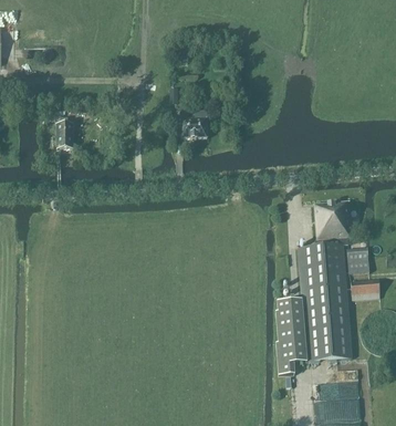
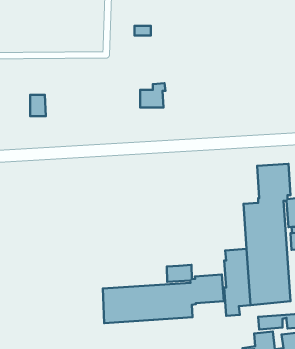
building: none -> [103,265,224,323]

